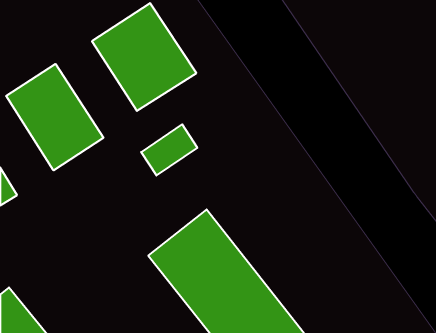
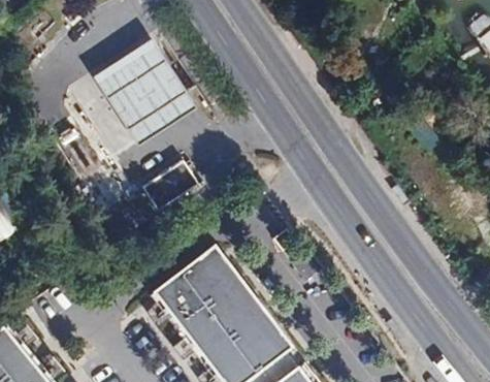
building: [6,64,103,170] -> none

